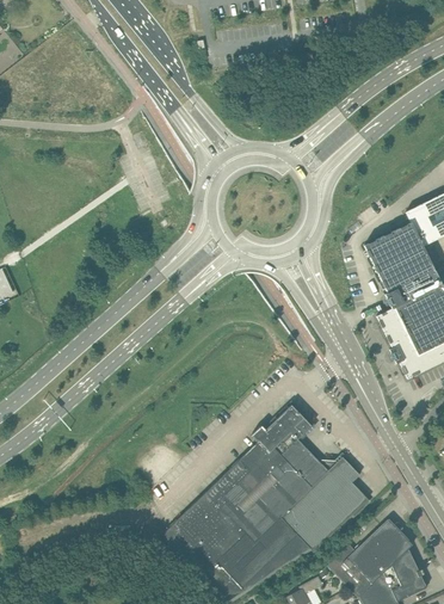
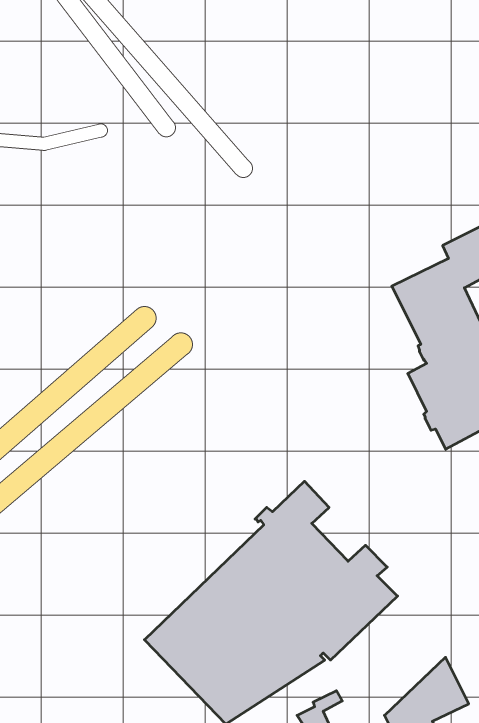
building: [327,523,413,596] -> none

